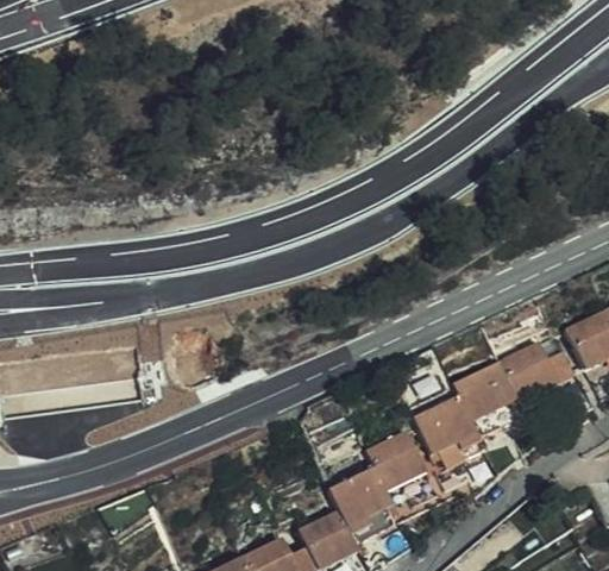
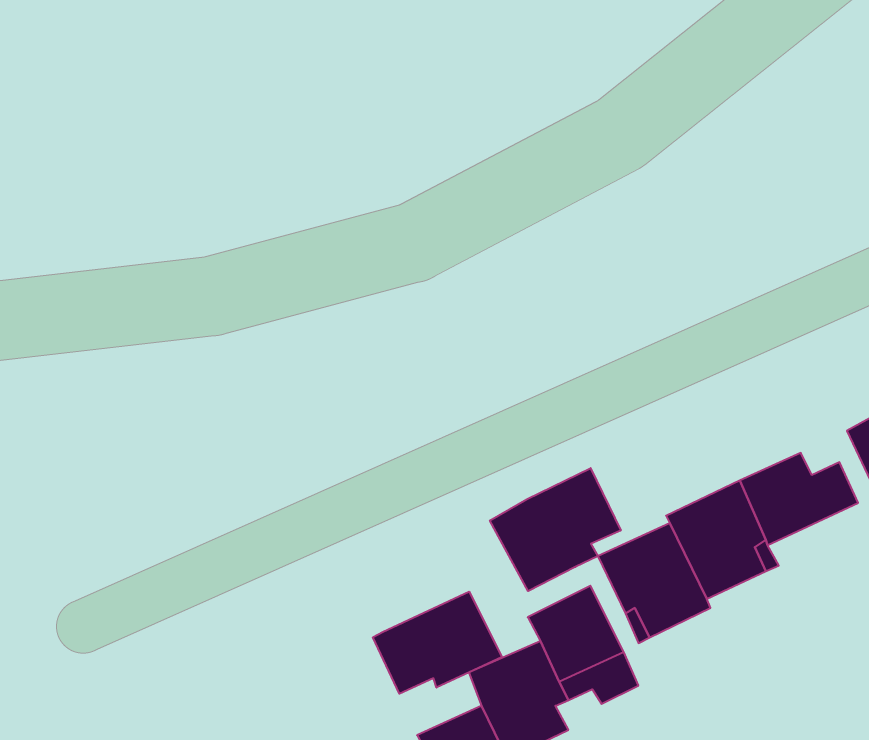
building: none -> [490,468,621,591]
building: none -> [373,592,502,694]

